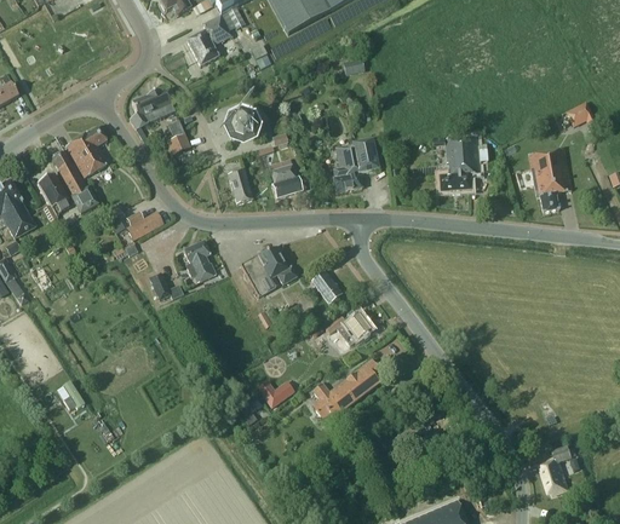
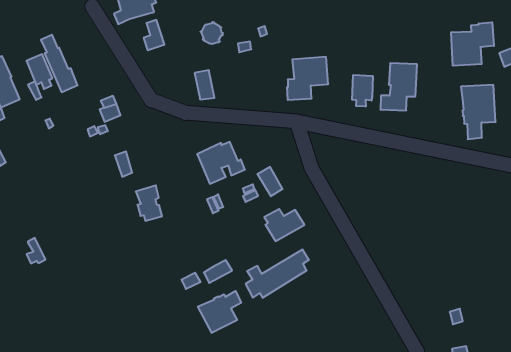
building: none -> [451,22,494,66]
building: [64,126,109,178] -> none
building: none -> [352,75,373,107]
building: [271,165,302,197] -> none
building: [183,241,216,282] -> [136,185,162,221]
building: none -> [198,291,241,333]

